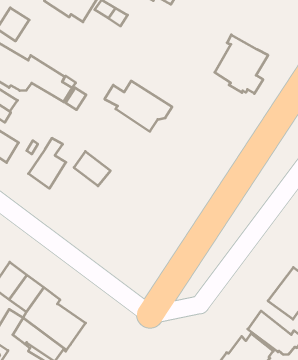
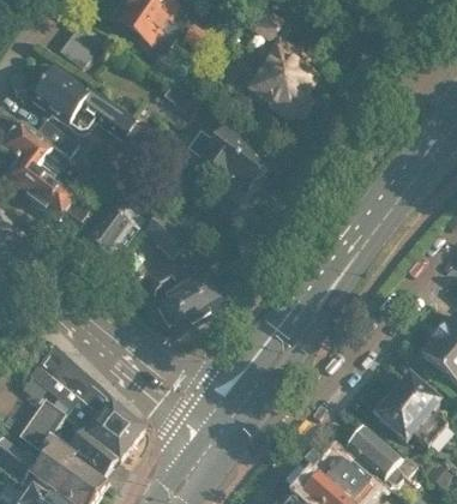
building: [215,35,268,94] -> [252,41,320,116]
building: none -> [150,265,228,337]

